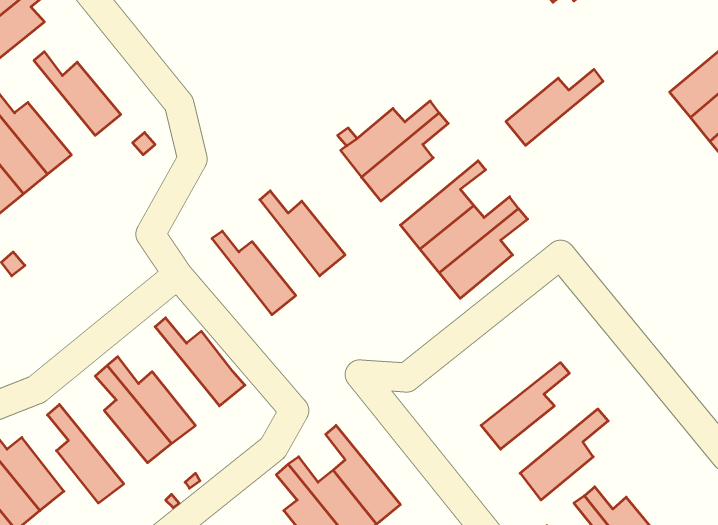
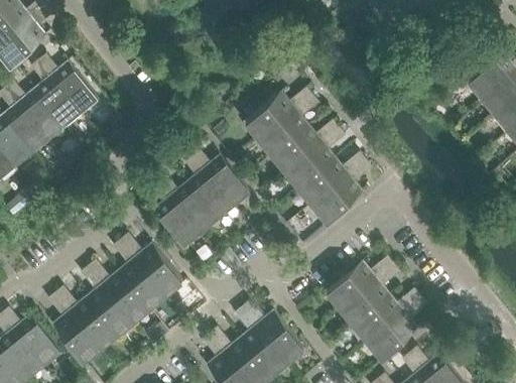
building: none -> [31,63,81,127]
building: [506,69,603,145] -> [273,123,339,174]
building: none -> [184,157,232,222]
building: none -> [152,183,200,248]
building: none -> [114,243,164,309]
building: none -> [327,259,394,309]
building: none -> [56,290,116,349]
building: none -> [354,292,419,342]
building: none -> [243,303,308,363]

